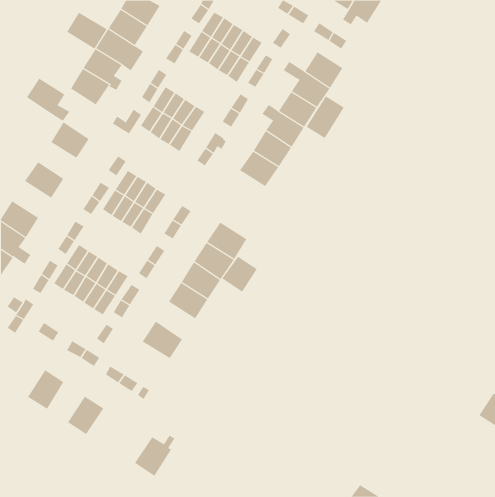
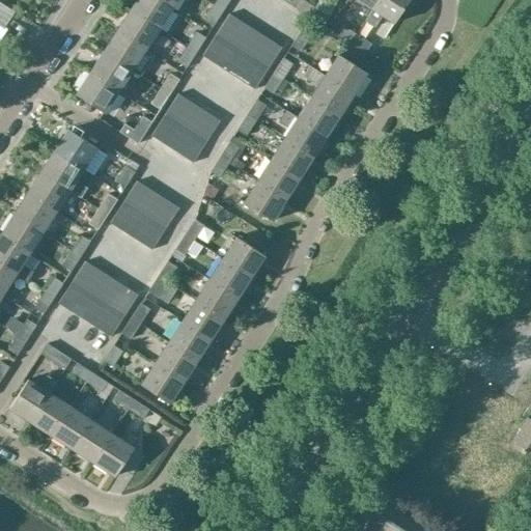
building: [67,12,108,50] -> none
building: [26,78,70,122] -> [43,151,89,198]
building: [306,96,345,139] -> none
building: none -> [244,181,285,221]
building: none -> [15,193,57,232]
building: [222,256,257,292] -> none
building: none -> [168,322,211,362]
building: none -> [140,364,184,404]
building: none -> [10,374,57,423]
building: none -> [53,408,92,450]
building: [134,435,175,476] -> [94,434,138,478]

